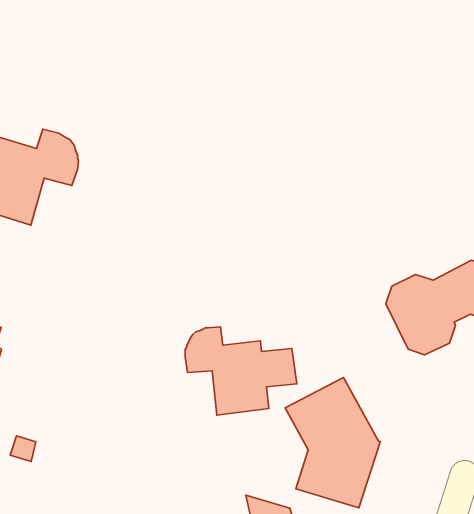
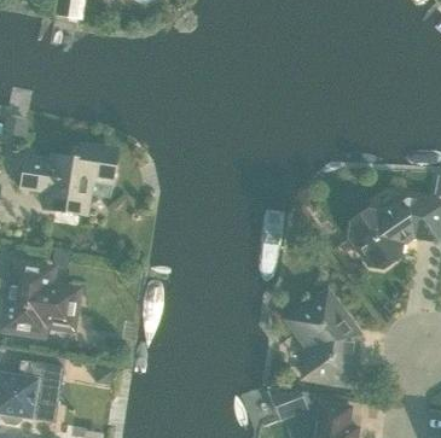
building: [185,327,297,415] -> none

